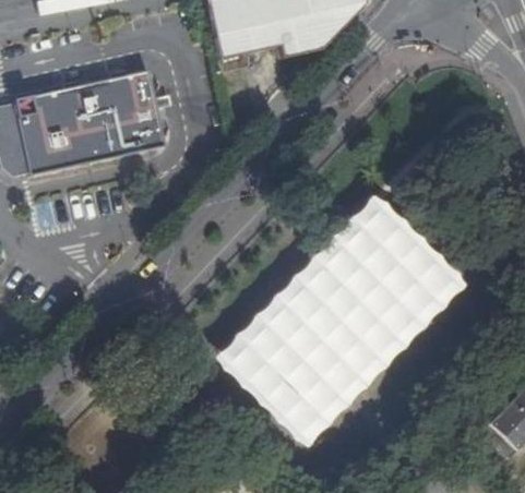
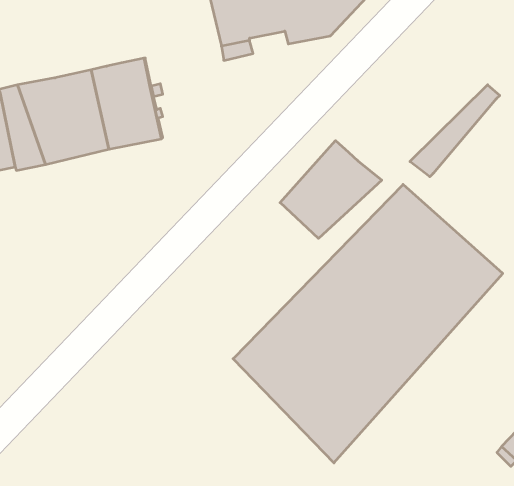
building: none -> [410,85,500,177]
building: none -> [280,141,382,238]

